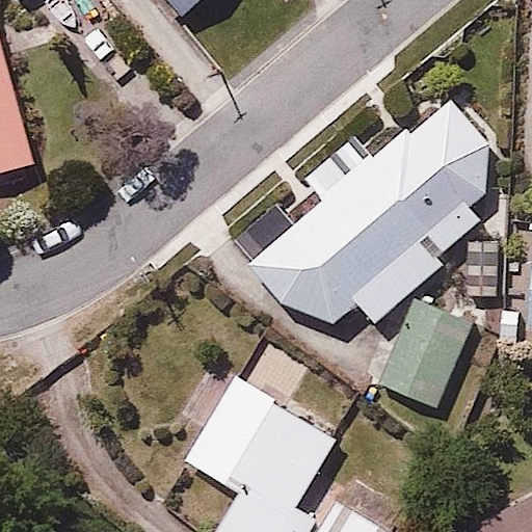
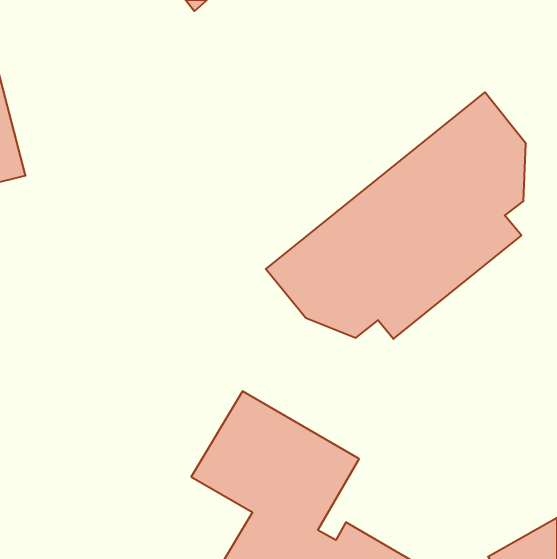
building: [375,304,478,417] -> none

